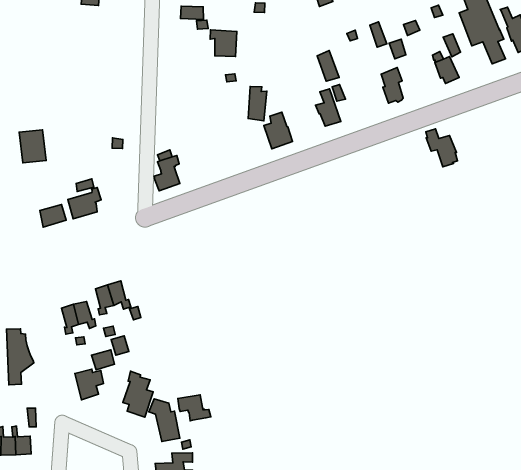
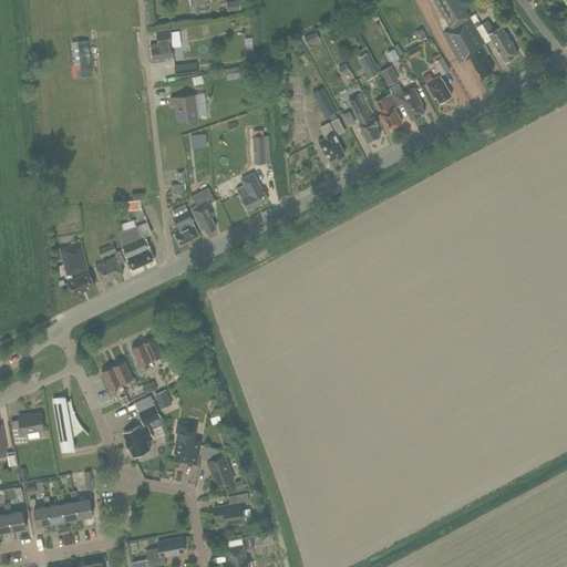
building: [210,30,237,57] -> [169,94,197,121]
building: none -> [348,93,380,141]
building: [264,112,293,149] -> [237,173,267,209]
building: [426,129,457,167] -> [390,83,424,118]
building: [19,130,46,163] -> [59,241,89,276]
building: none -> [192,187,216,231]
building: none -> [120,226,154,268]
building: [178,395,211,421] -> none

